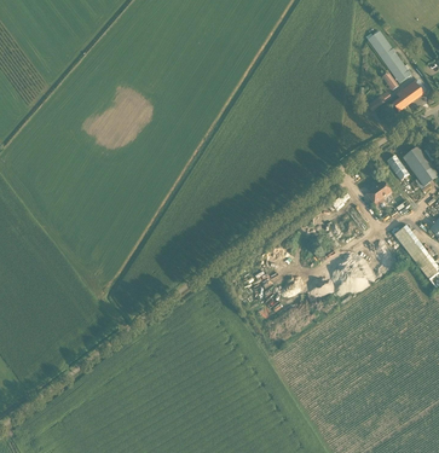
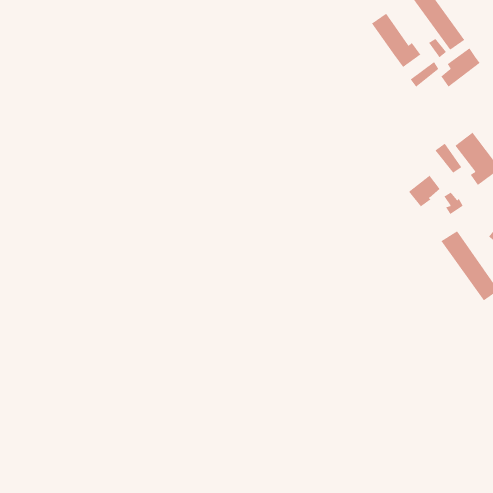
building: none -> [371,13,421,68]

